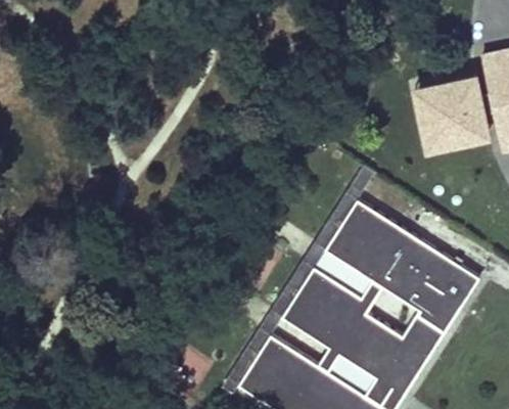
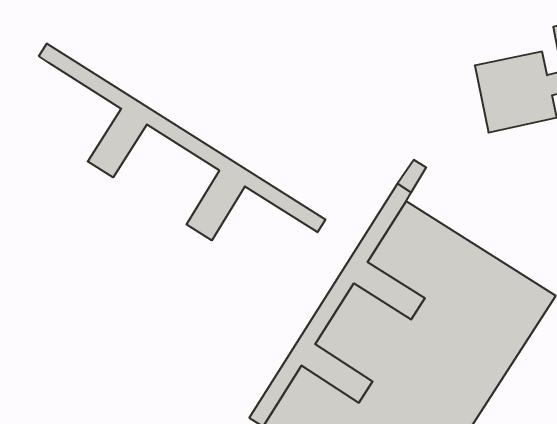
building: none -> [39,43,325,240]

